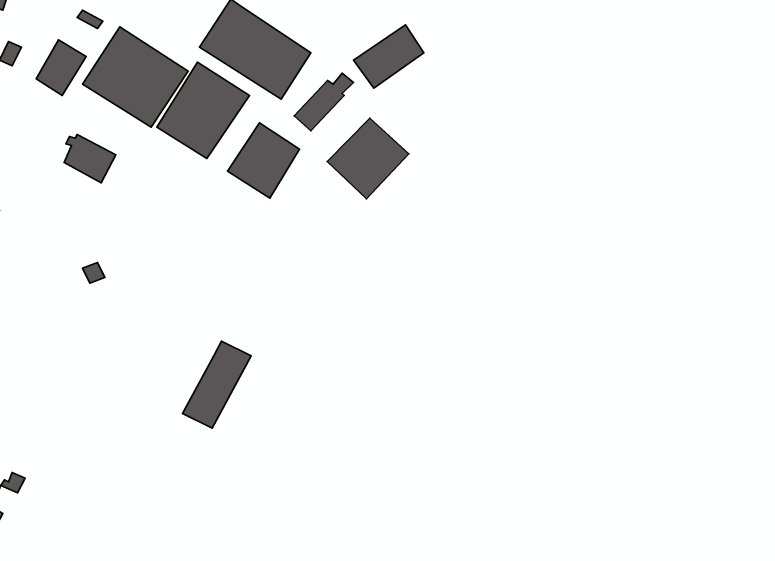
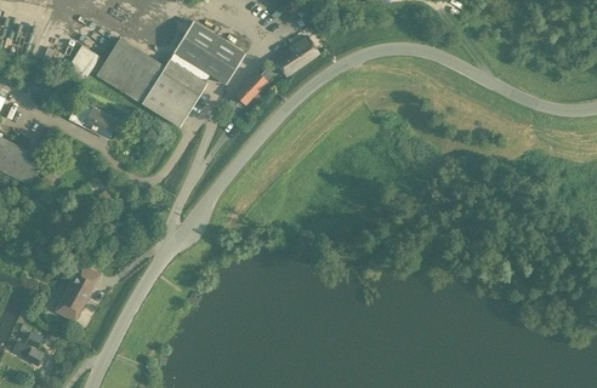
building: [327,118,409,199] -> none
building: [228,123,300,198] -> none
building: [182,341,251,428] -> [56,264,101,321]

